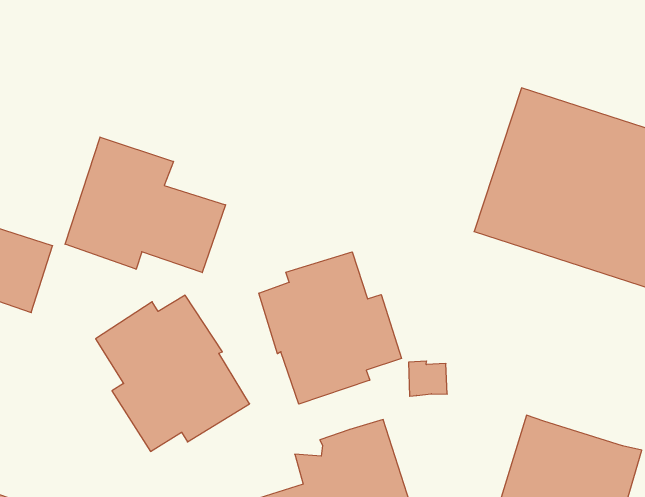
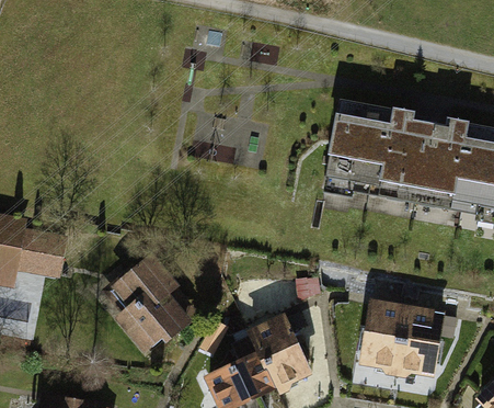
building: [65,137,226,273] -> none
building: [259,252,402,404] -> none

